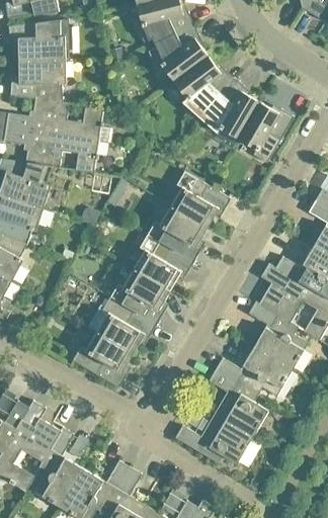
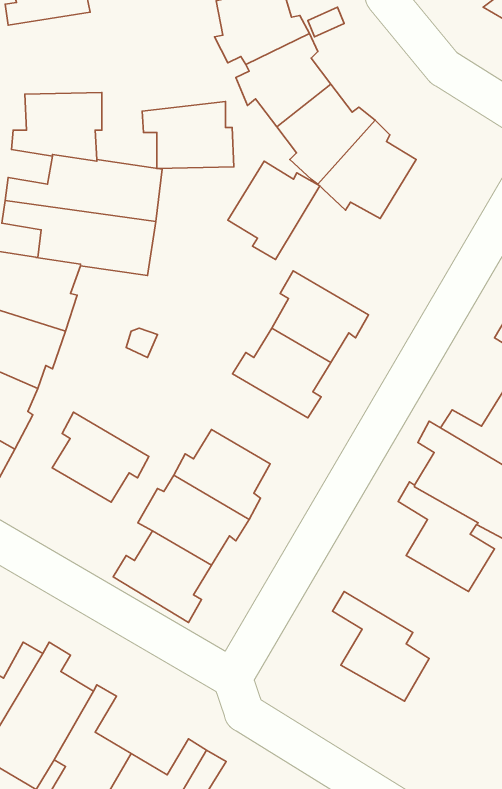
building: [8,19,65,61] -> [142,101,234,168]
building: [237,101,294,162] -> [228,161,320,259]
building: [133,234,192,289] -> [52,412,149,502]
building: [215,346,292,396] -> none
building: [174,414,252,463] -> none

